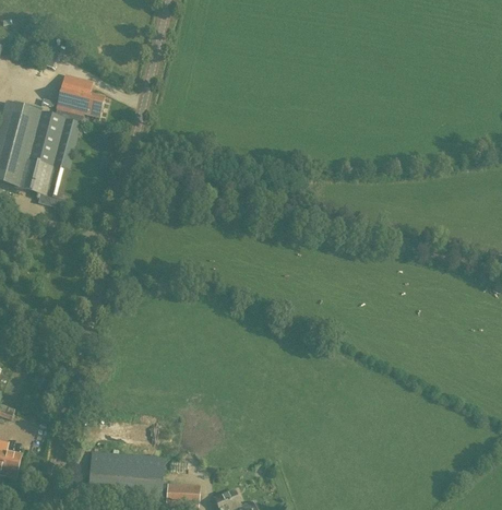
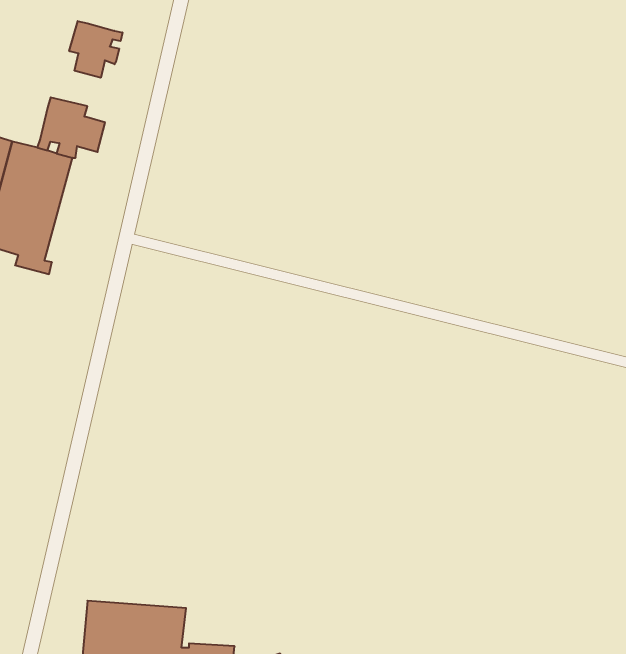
building: none -> [69,21,122,78]

